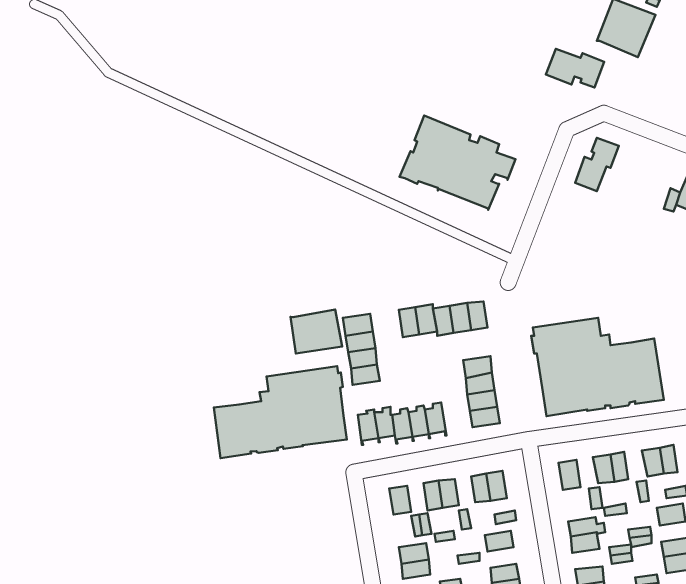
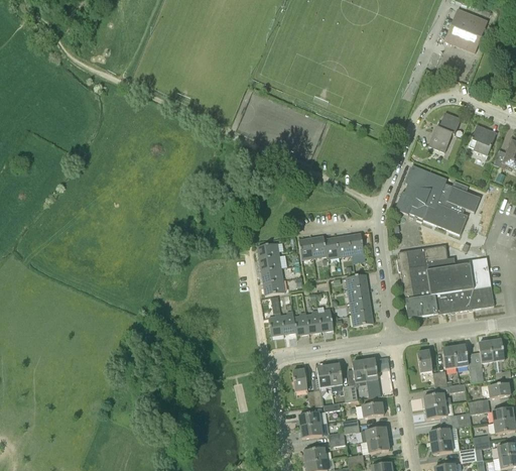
building: [546,49,604,87] -> none
building: [400,116,516,210] -> [394,164,480,234]
building: none -> [468,125,496,154]
building: [290,310,342,353] -> none
building: [214,366,347,458] -> none

